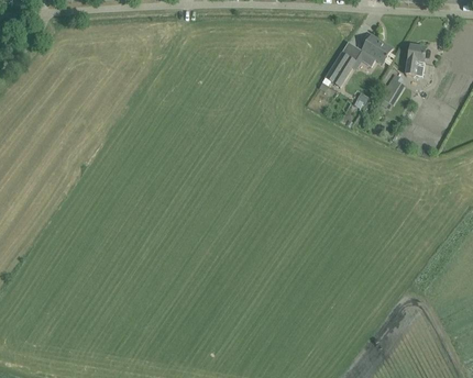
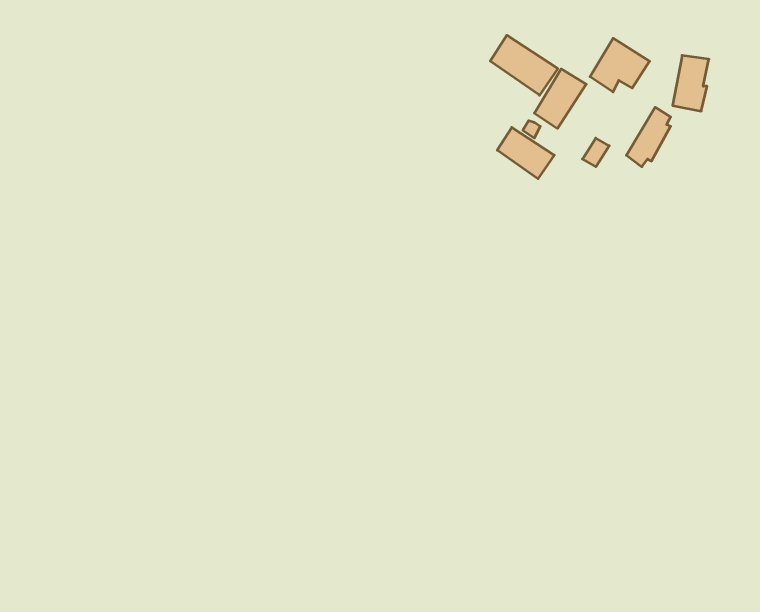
building: none -> [490,35,558,95]
building: none -> [497,127,554,179]

